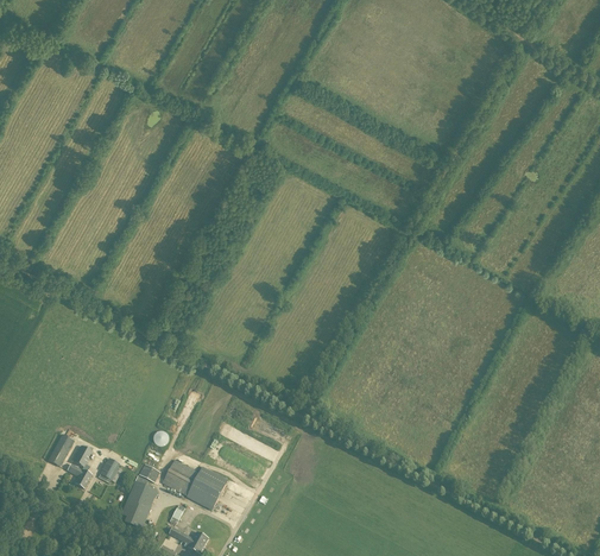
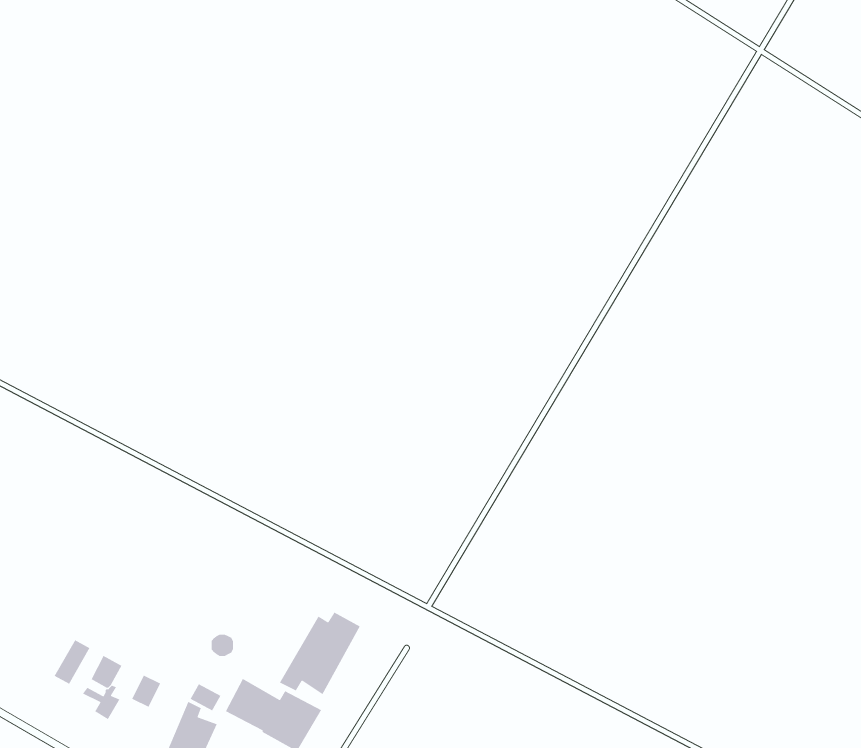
building: none -> [279,612,361,695]

